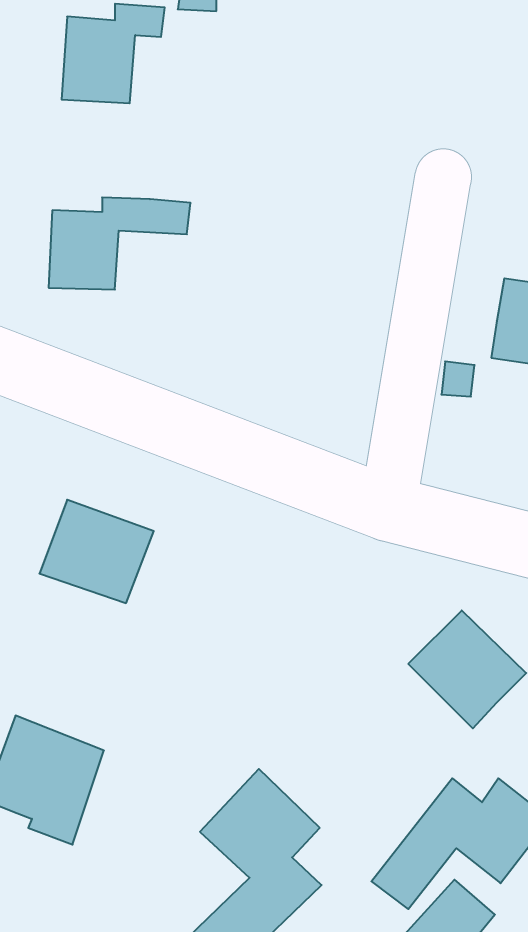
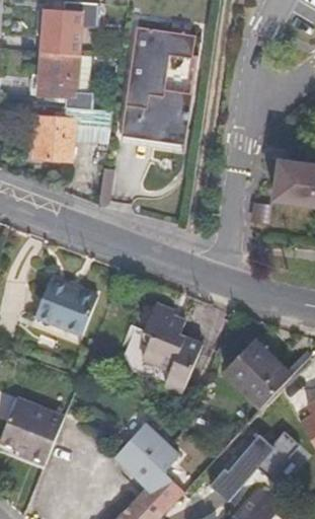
building: none -> [122,31,194,152]
building: none -> [31,58,91,113]
building: none -> [125,301,203,387]

